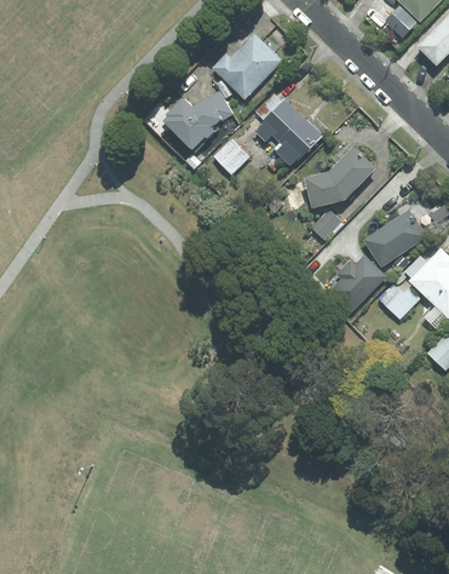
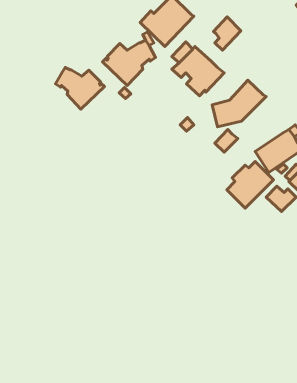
building: none -> [214,17,241,50]
building: none -> [56,68,104,109]
building: [213,138,249,174] -> none

